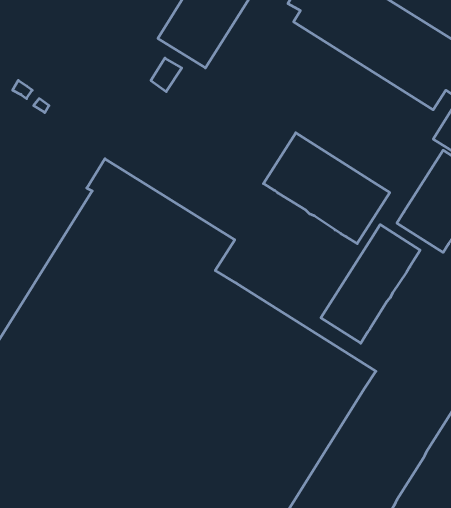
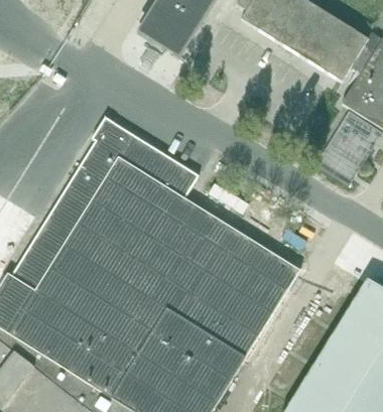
building: [263,133,390,244] -> none
building: [321,225,420,343] -> none

